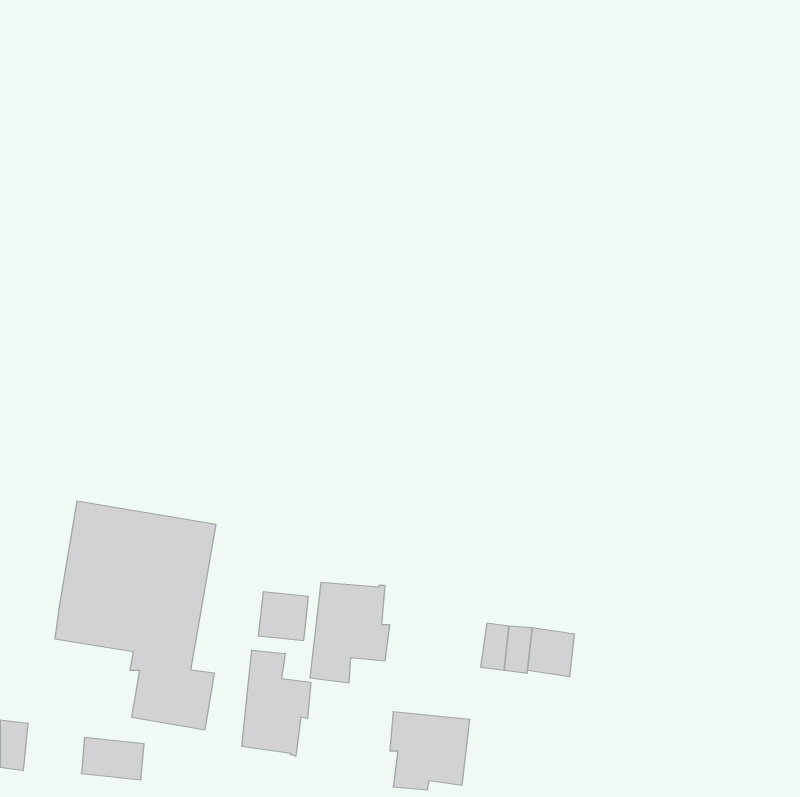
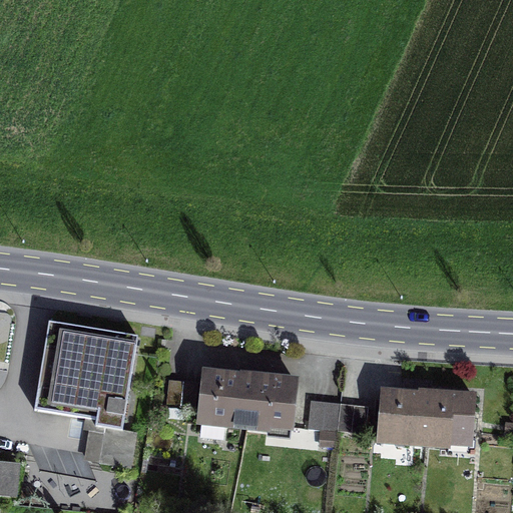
building: none -> [380,391,474,442]
building: [242,650,311,756] -> none
building: [390,712,470,790] -> [244,375,296,425]

